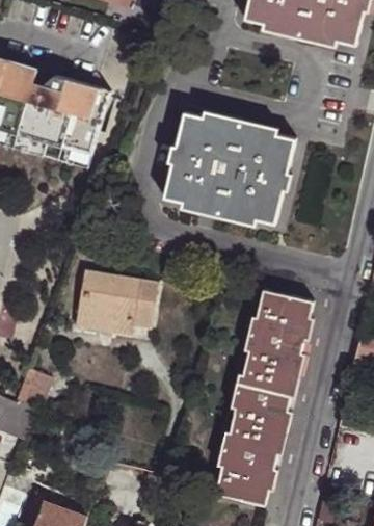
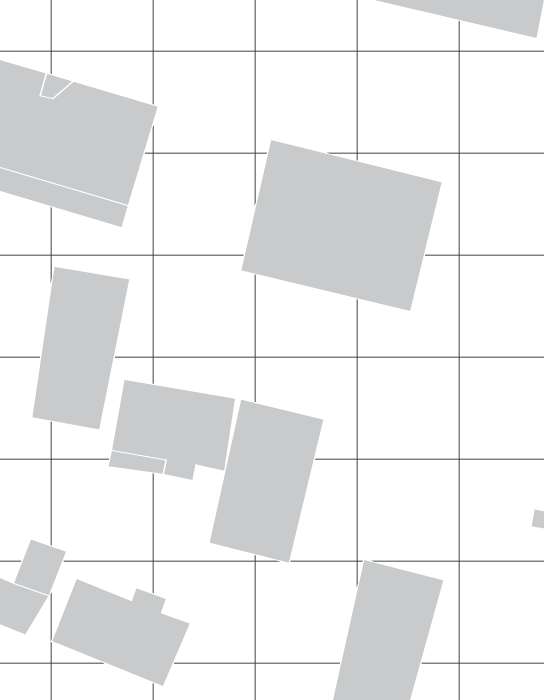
building: none -> [32,266,130,430]
building: [242,293,318,401] -> [209,399,324,563]
building: none -> [51,578,191,687]

